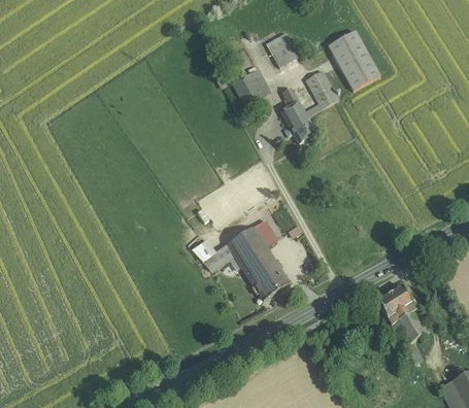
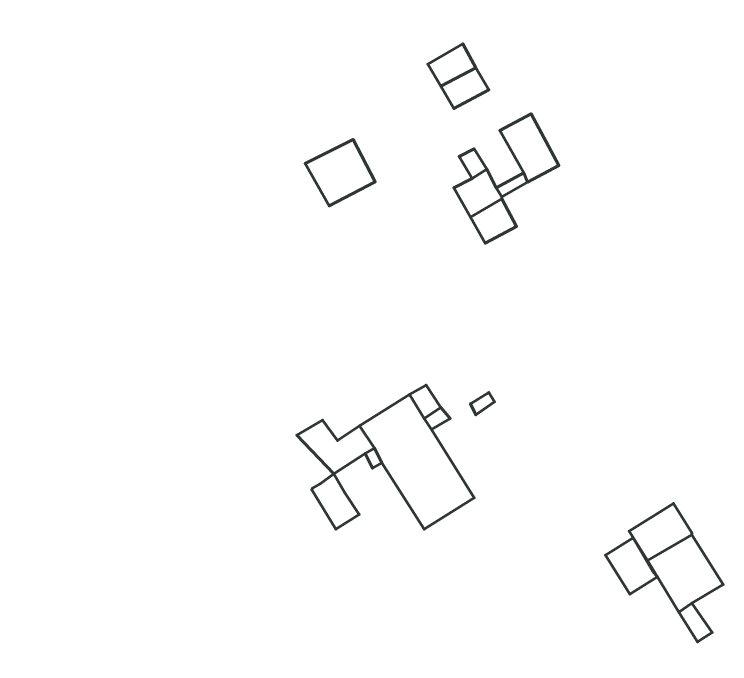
building: [327,30,379,91] -> none
building: [232,68,271,105] -> [305,139,375,206]
building: none -> [312,474,359,529]
building: none -> [606,538,657,594]

